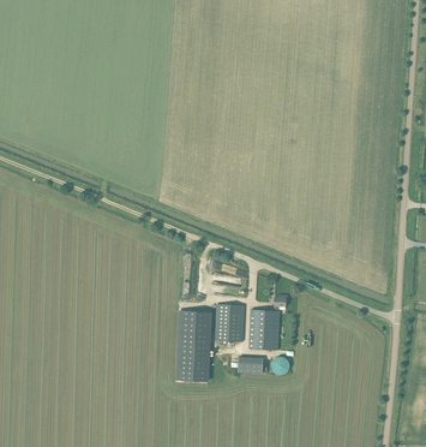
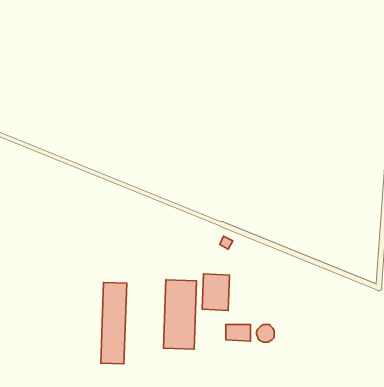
building: [250,294,287,348] -> none
building: none -> [101,282,127,364]

